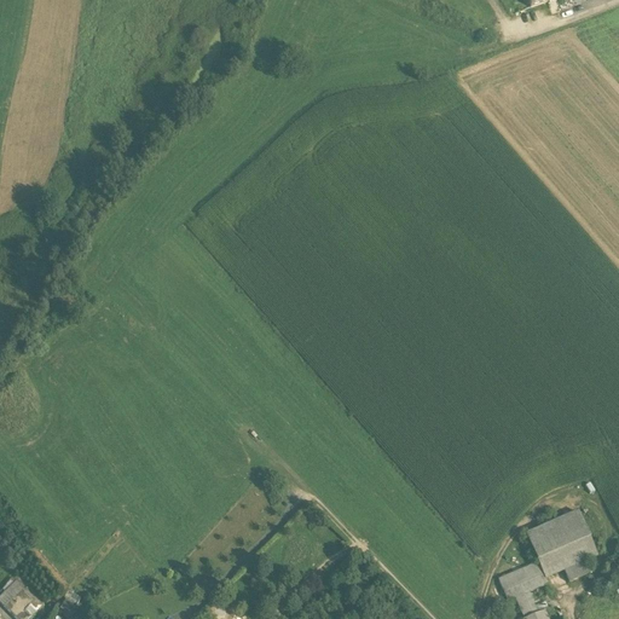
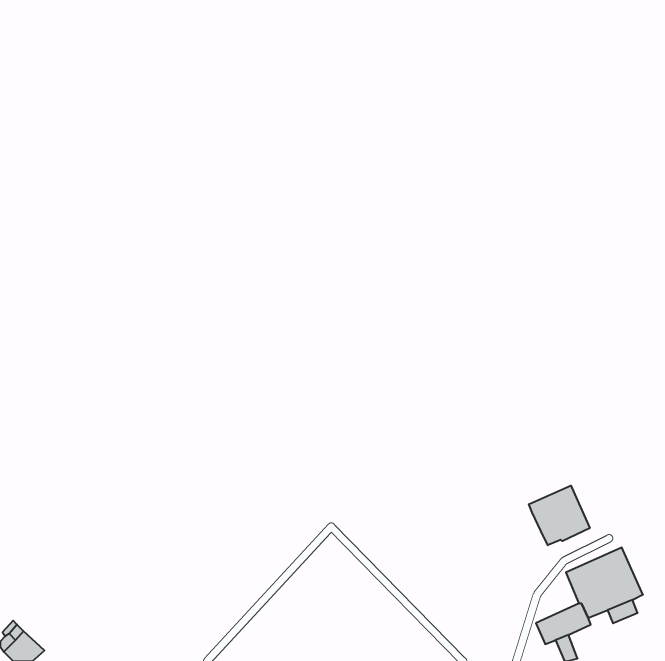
building: none -> [529,486,590,545]

